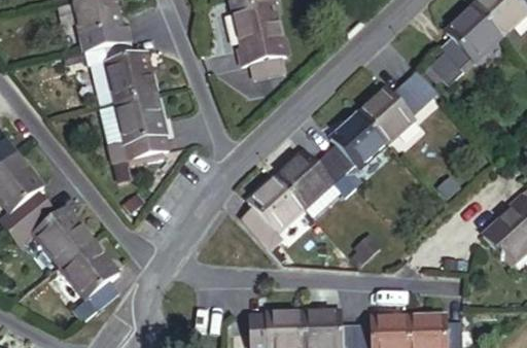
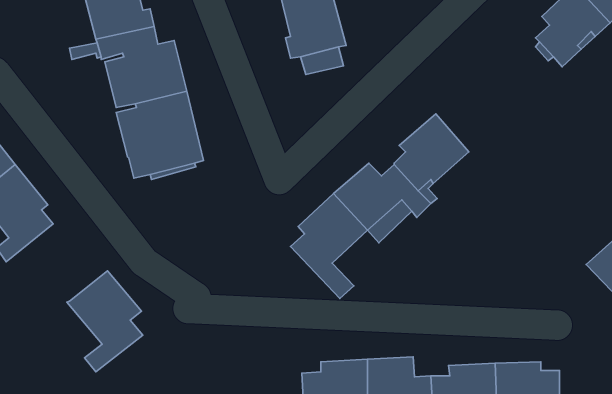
building: [359,70,436,142] -> none
building: [9,201,94,264] -> none

